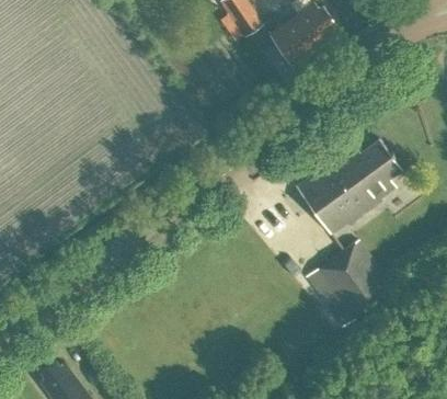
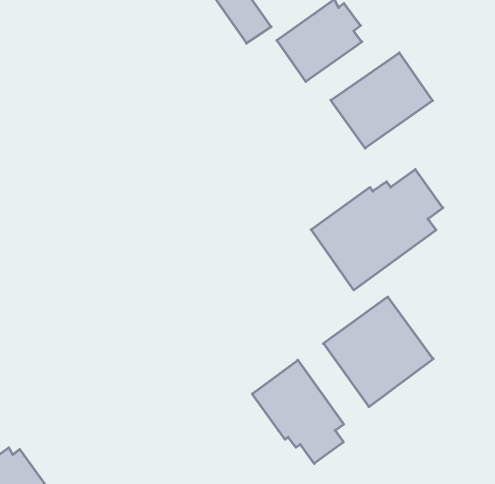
building: none -> [331,53,433,148]
building: none -> [252,360,344,464]

